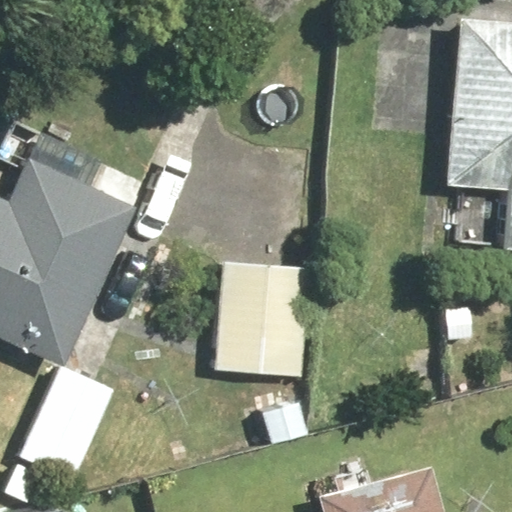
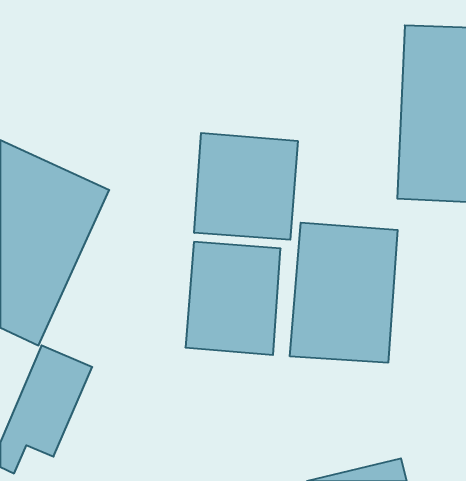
building: none -> [194,133,298,240]
building: none -> [290,223,398,363]

